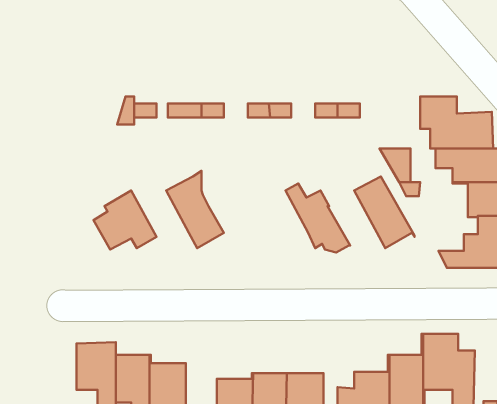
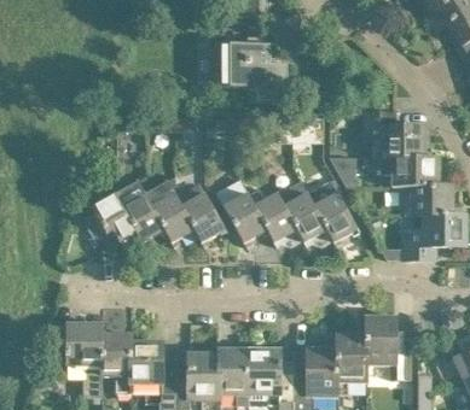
building: none -> [222,36,285,99]
building: none -> [216,178,267,242]
building: none -> [115,181,164,242]
building: none -> [278,181,332,246]
building: none -> [176,183,227,242]

